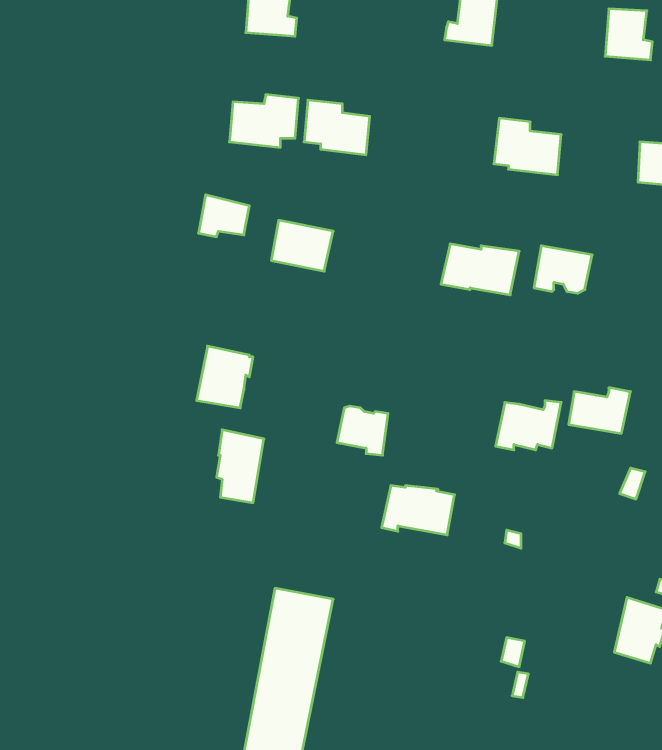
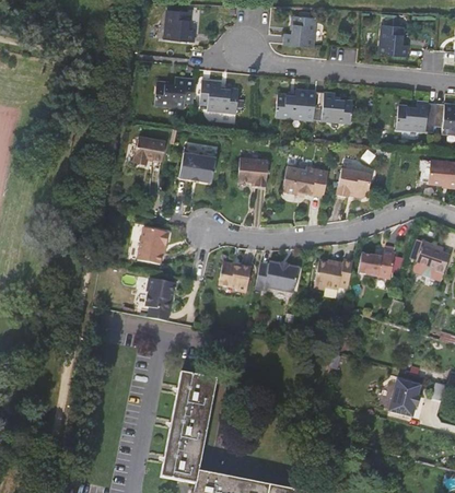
building: none -> [276,87,316,119]
building: none -> [238,153,271,185]
building: [382,486,455,535] -> [255,262,299,292]

